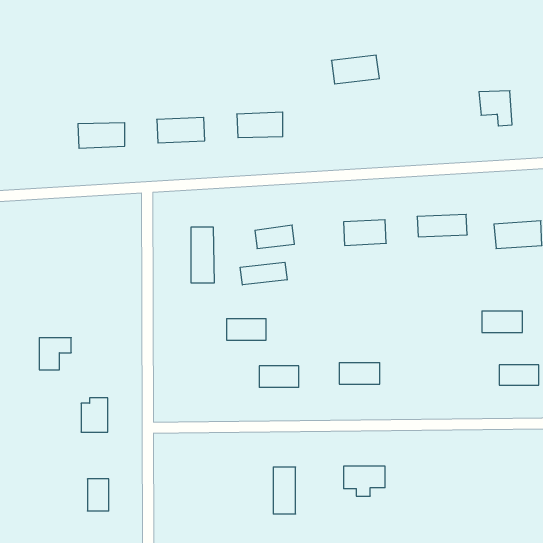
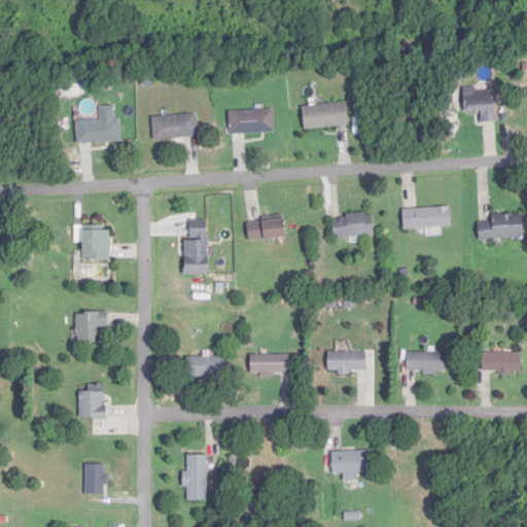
building: [331,55,379,84] -> [302,101,348,129]
building: none -> [81,225,109,258]
building: [240,262,287,285] -> none
building: [482,311,522,332] -> [406,350,445,371]
building: [227,319,266,340] -> [185,355,223,376]
building: [39,338,71,370] -> [76,311,107,342]
building: [273,467,296,514] -> [184,454,206,499]

